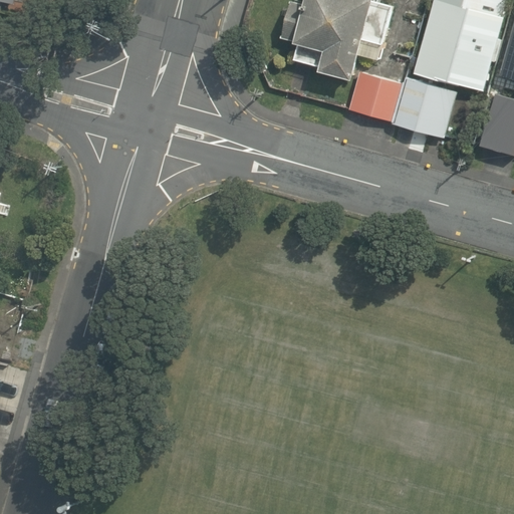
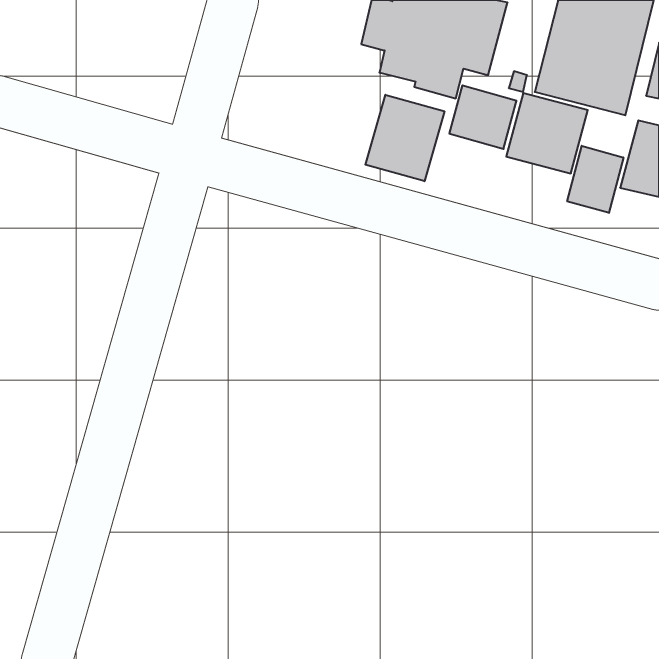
building: none -> [365,95,444,181]
building: none -> [567,146,623,213]

